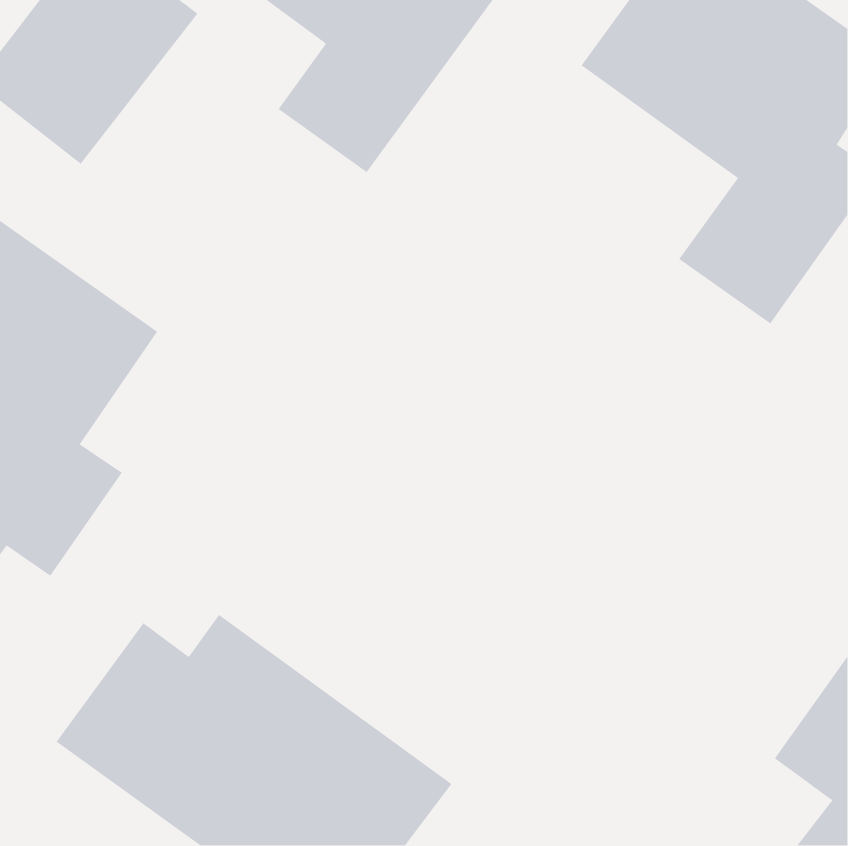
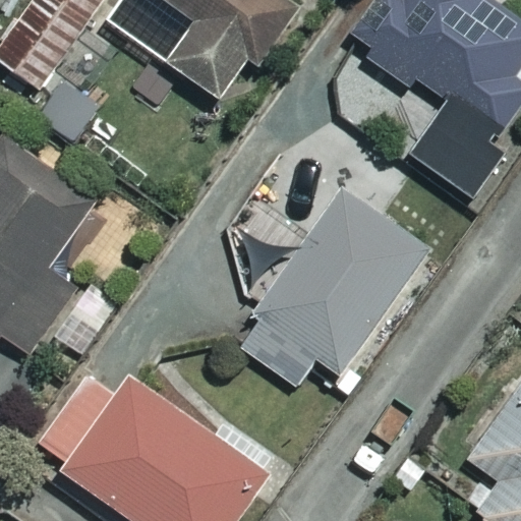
building: none -> [235,190,430,386]

